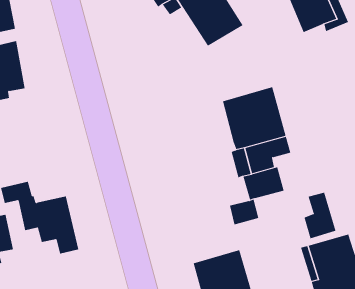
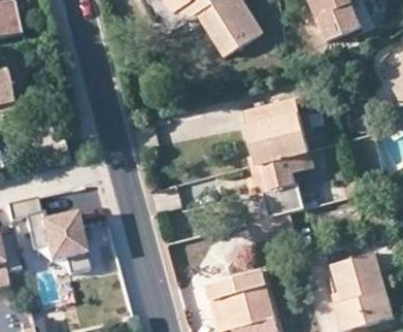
building: [304,192,336,239] -> none

